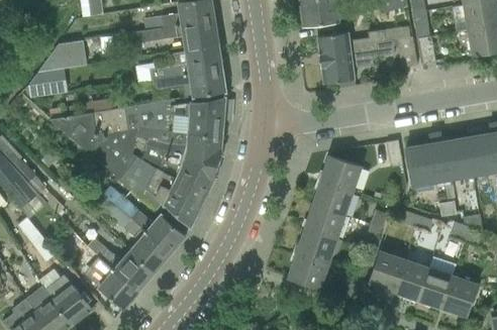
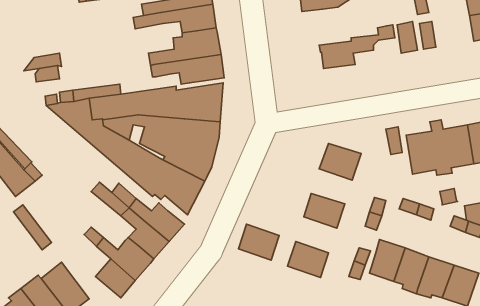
building: [318,29,387,60] -> none
building: [38,40,87,72] -> none
building: [312,182,353,216] -> none
building: [297,229,337,264] -> [238,224,279,260]

